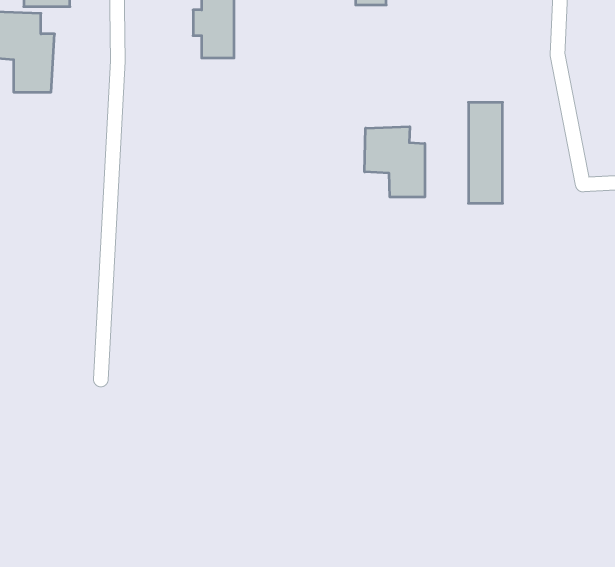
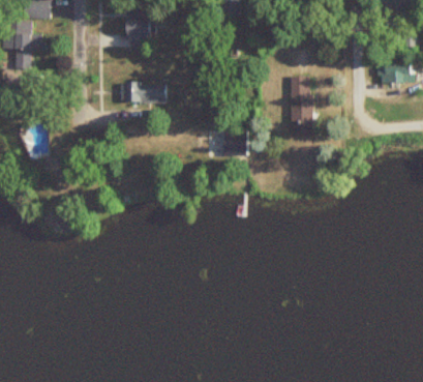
building: none -> [120,84,165,102]
building: [365,127,425,197] -> none

